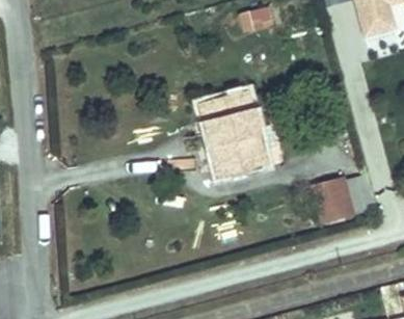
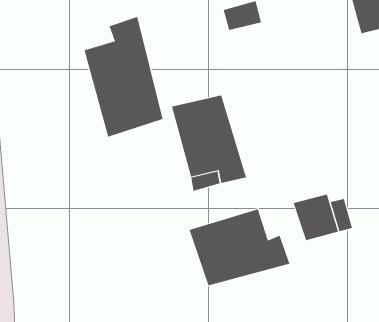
building: none -> [84,16,163,138]
building: none -> [189,208,290,286]

